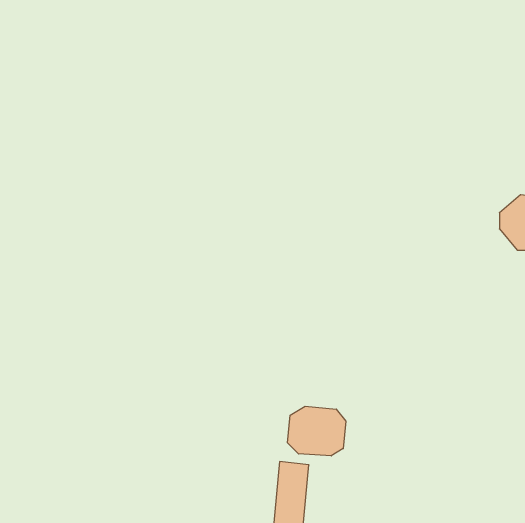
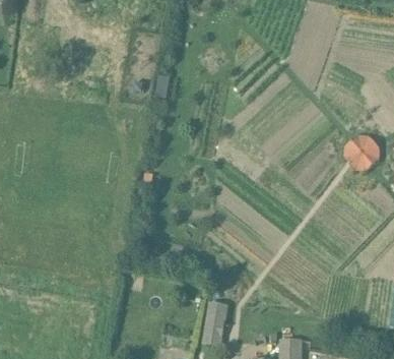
building: [287,406,346,456] -> none

